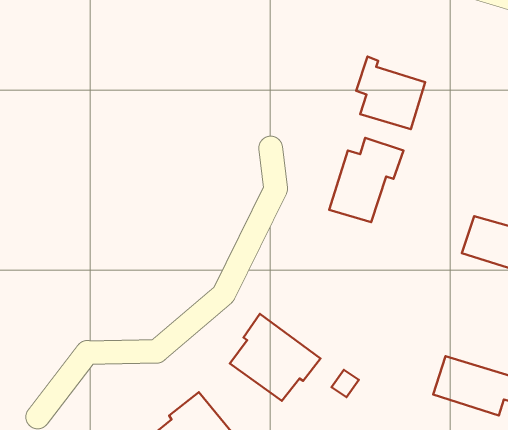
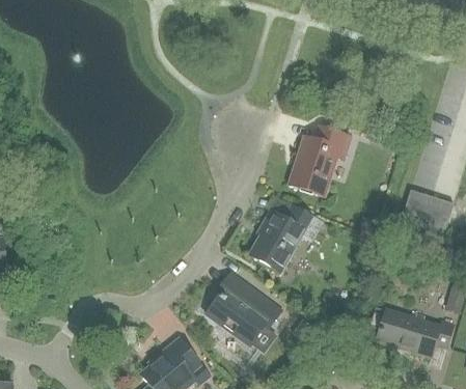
building: [356,56,425,129] -> none
building: none -> [248,203,322,272]

